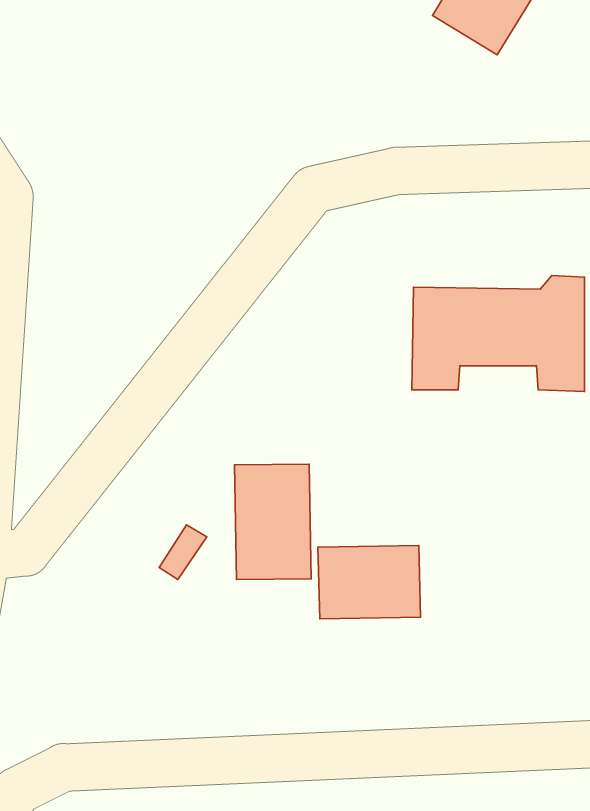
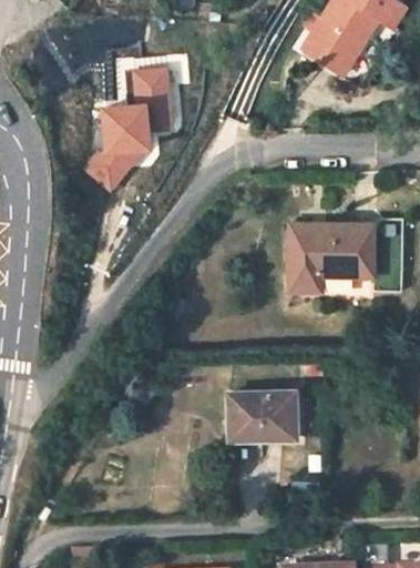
building: none -> [83,72,166,192]
building: [235,464,311,580] -> none

